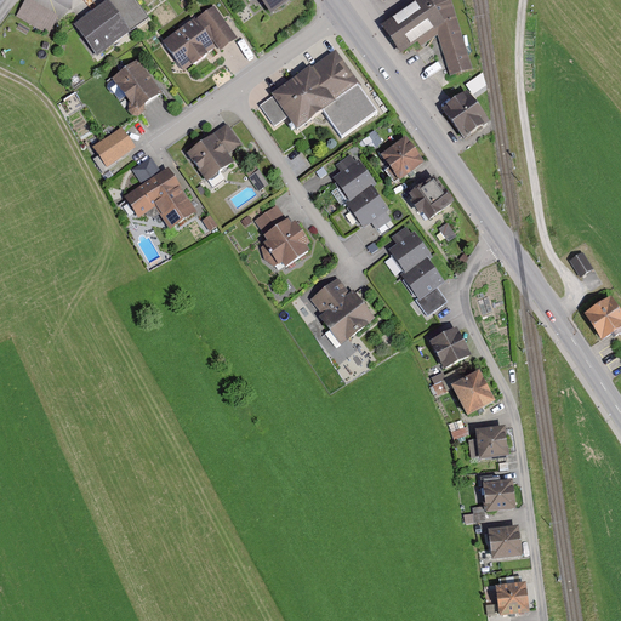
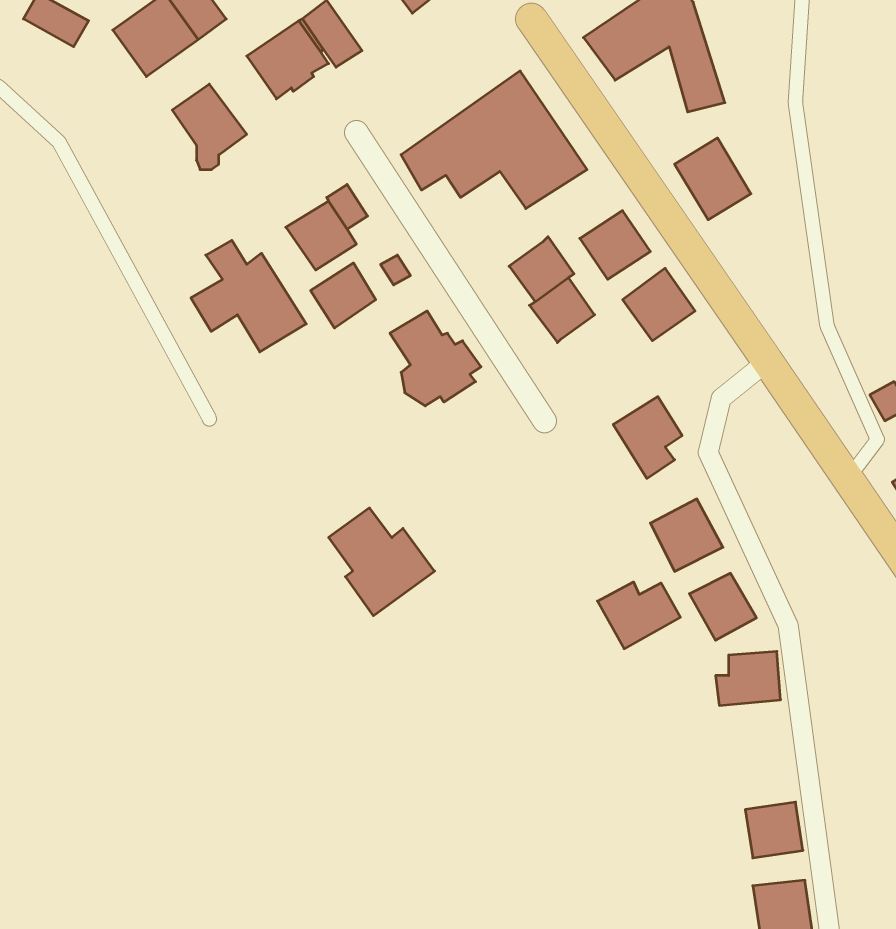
building: [93,125,135,163] -> none
building: none -> [311,263,376,328]
building: [388,224,429,278] -> none
building: [310,274,380,344] -> [329,508,435,616]
building: none -> [597,582,680,649]
building: [479,480,517,513] -> none

